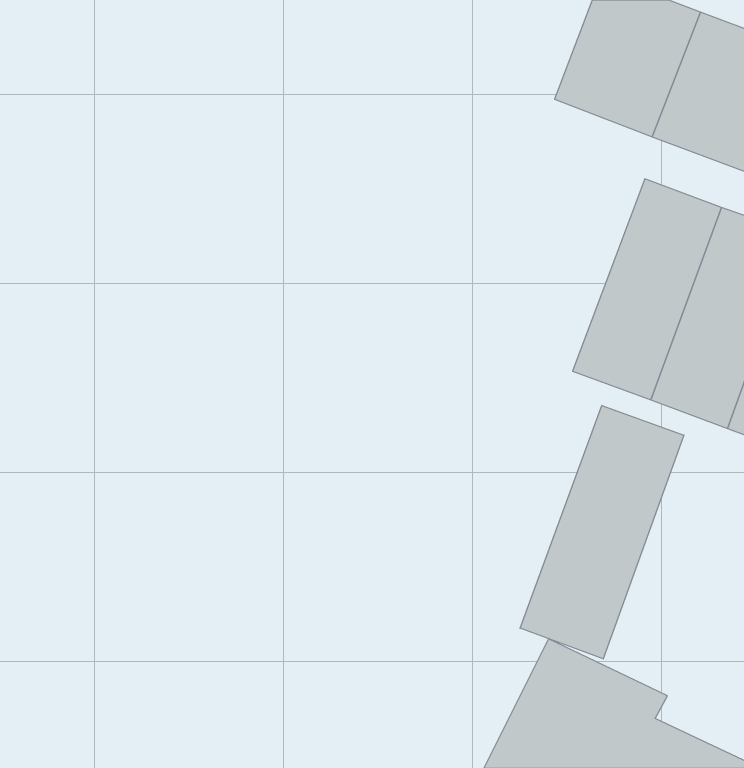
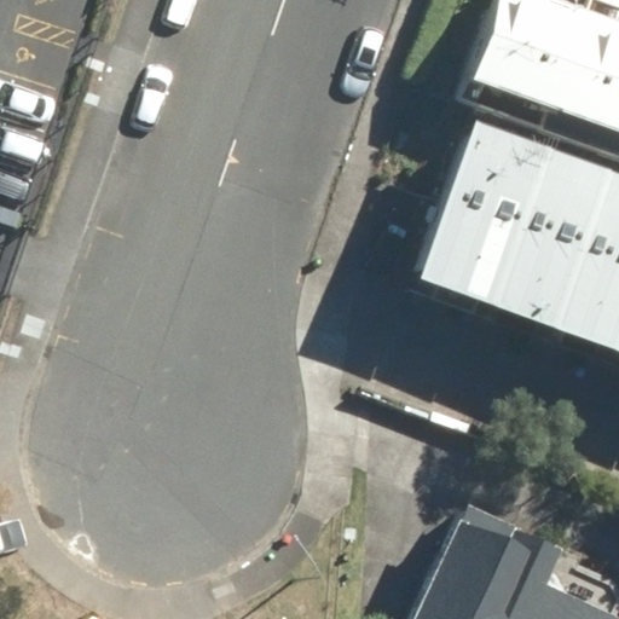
building: none -> [417,121,538,299]
building: [520,405,684,659] -> none

